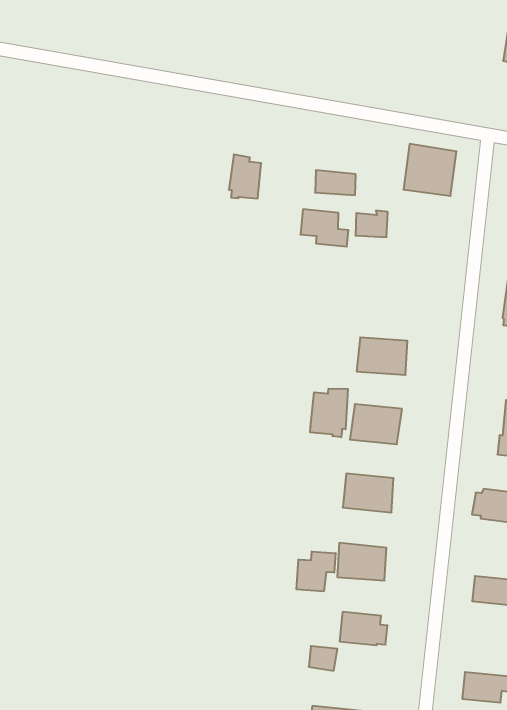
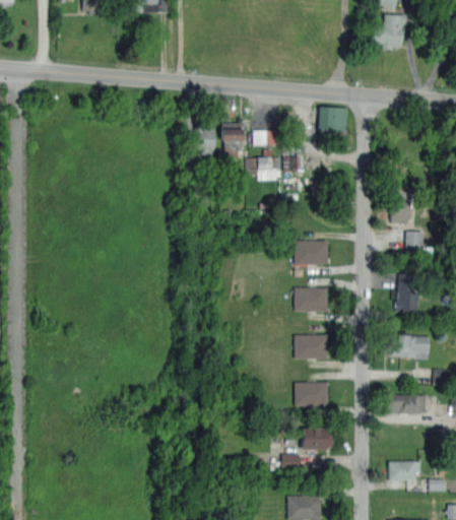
building: none -> [221,124,244,156]
building: [310,389,348,437] -> none
building: [297,551,336,591] -> none

